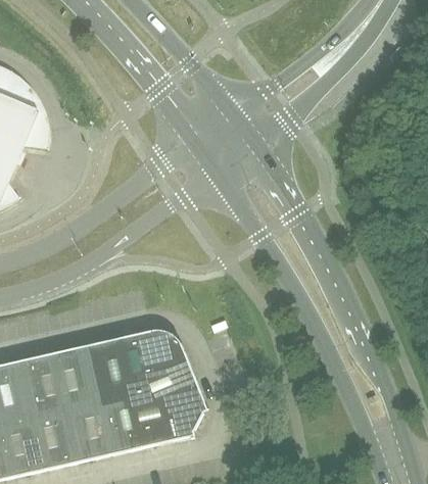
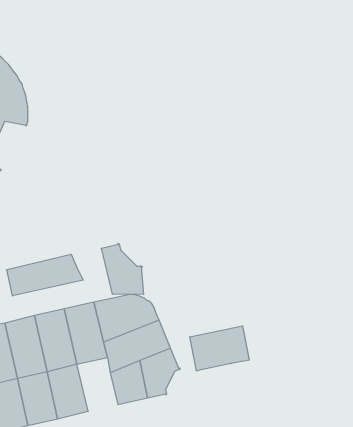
building: none -> [102,243,144,294]
building: none -> [7,254,83,296]
building: none -> [190,326,249,371]
building: [97,397,141,454] -> none

